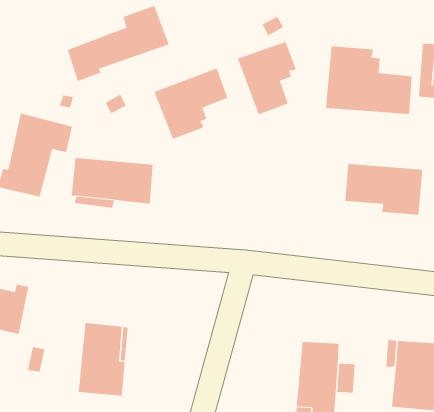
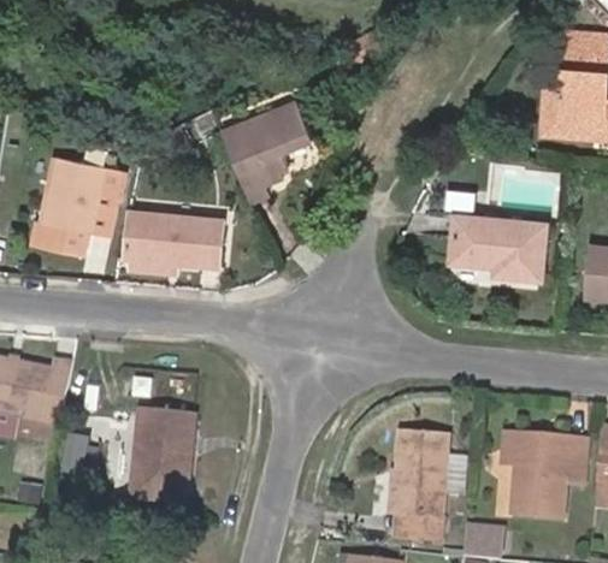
building: [67,5,169,82] -> none
building: [237,41,296,115] -> none
building: [325,46,412,115] -> none

